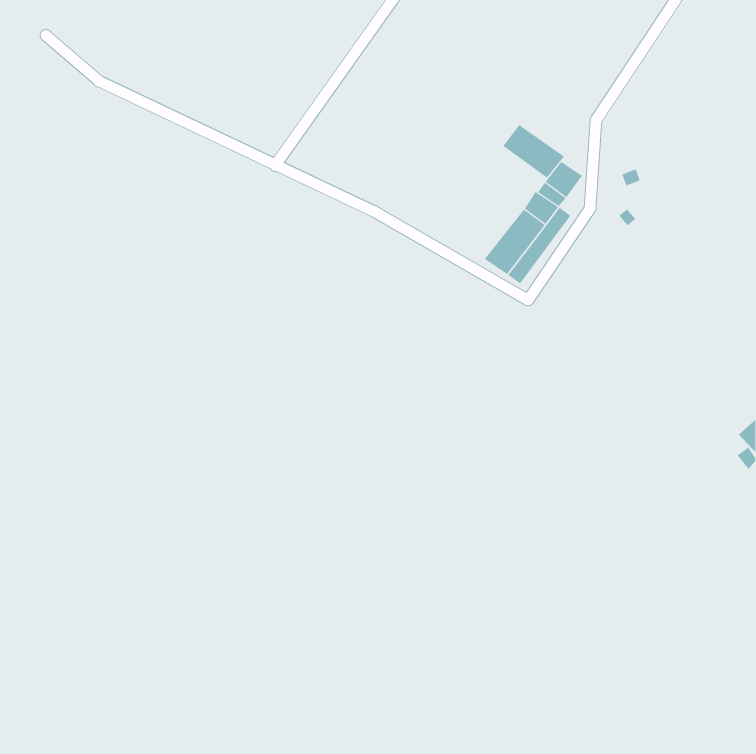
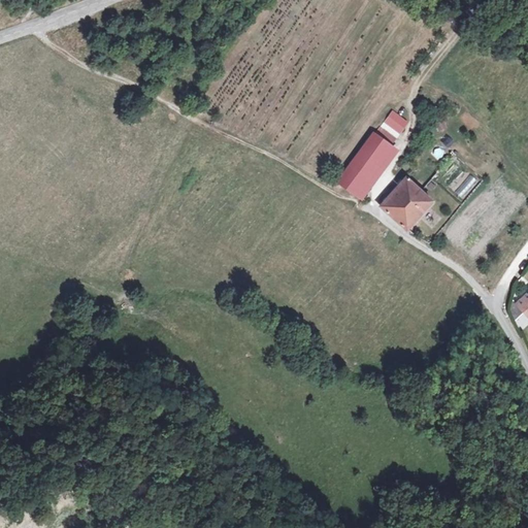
building: [502,124,565,179] -> none
building: none -> [380,176,430,229]

